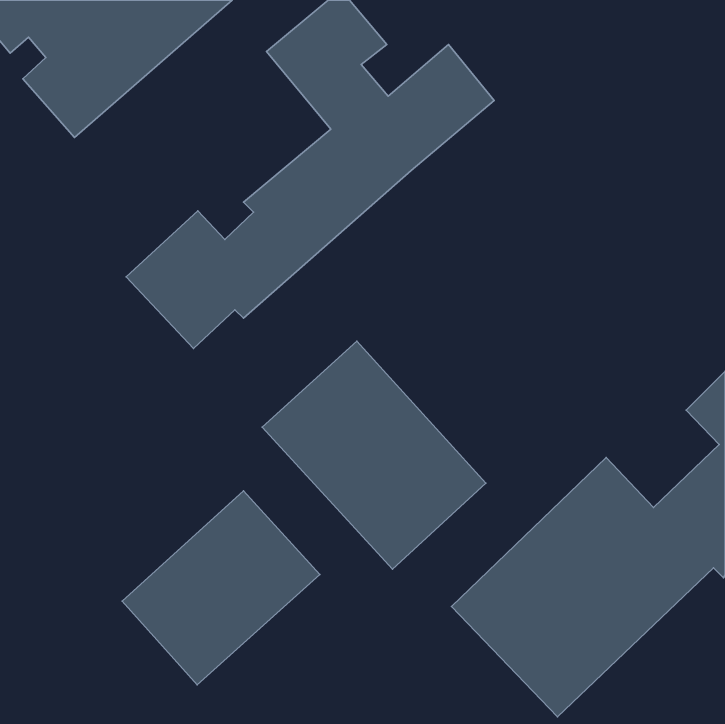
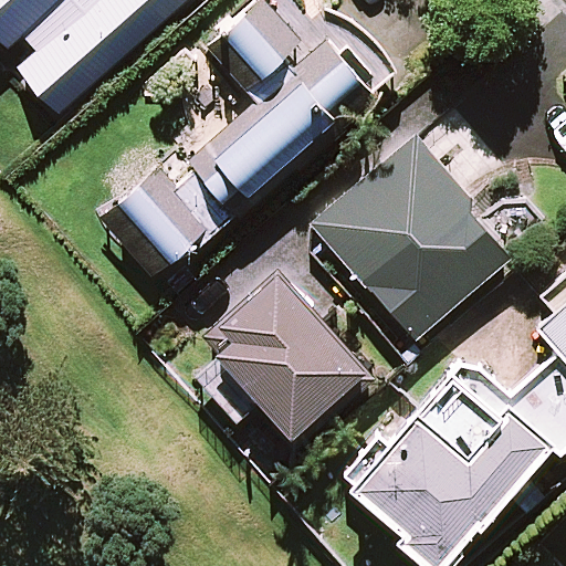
building: none -> [311,138,511,338]
building: [122,491,320,685] -> none

